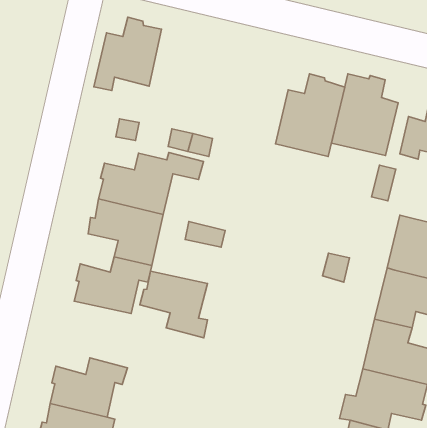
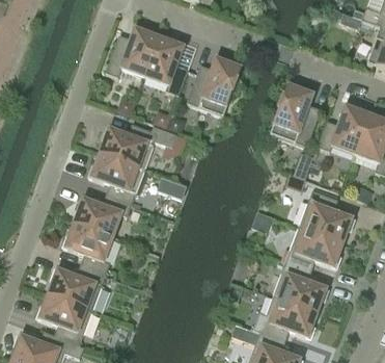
building: none -> [145,36,188,95]
building: [276,74,345,156] -> [187,55,241,115]
building: [140,271,207,338] -> [63,223,113,275]

